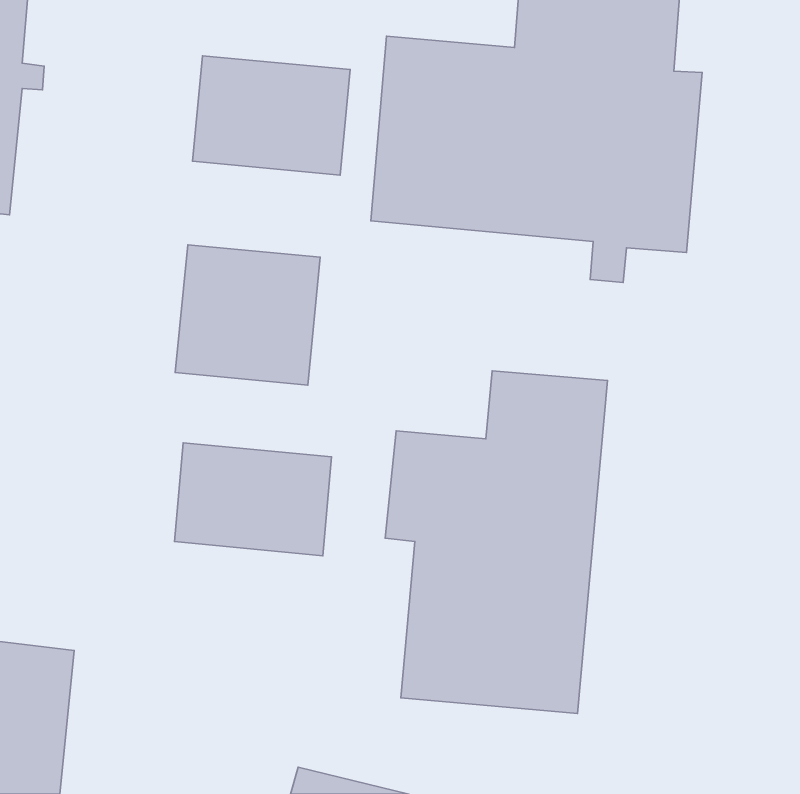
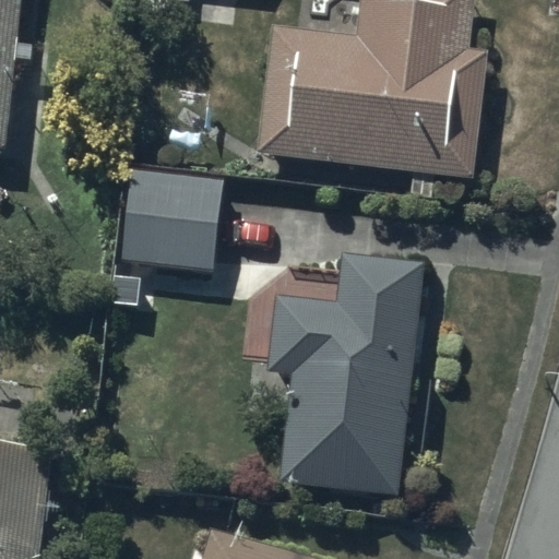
building: [192,56,350,175] -> none
building: [174,443,332,556] -> none

